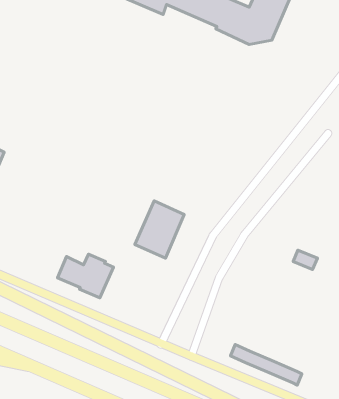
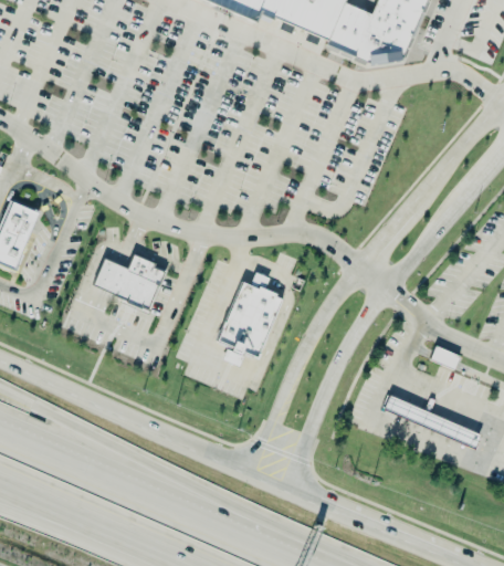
building: [58,254,114,298] -> [93,250,169,310]
building: [230,345,302,385] -> [385,394,482,449]

